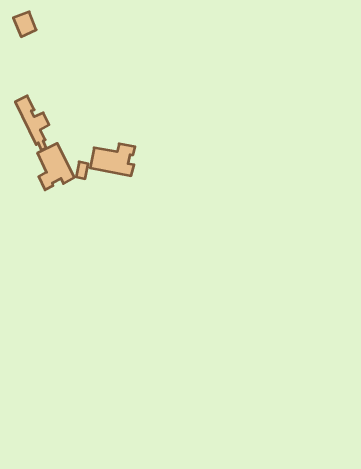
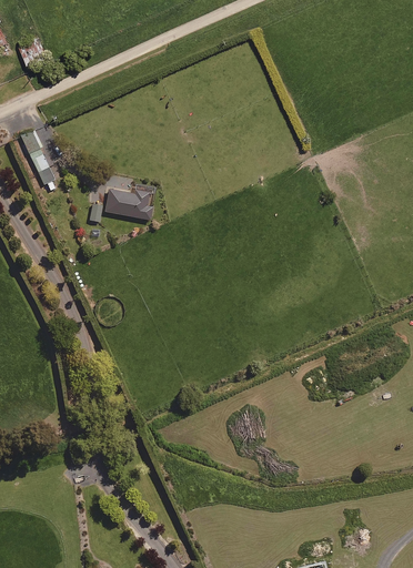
building: [38,143,74,190] -> none

